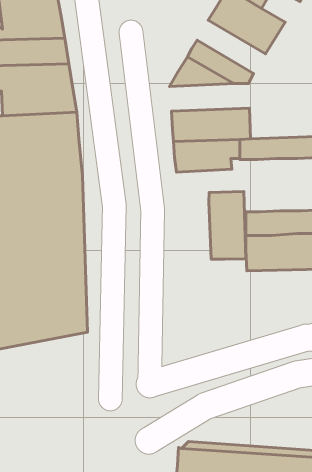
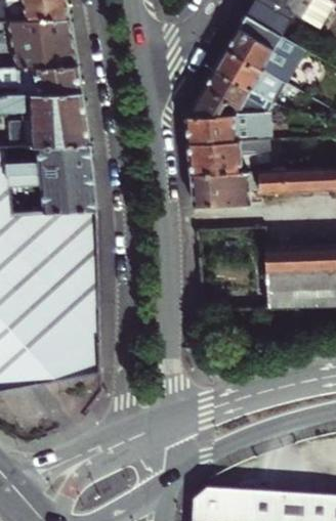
building: none -> [215,48,286,103]
building: none -> [186,114,271,142]
building: [209,191,246,259] -> none

